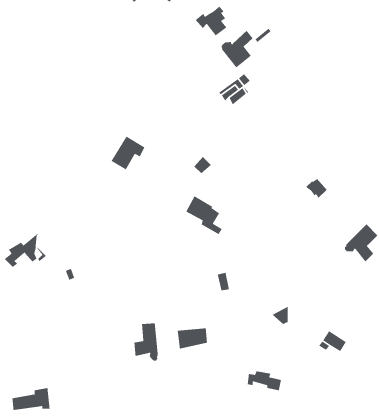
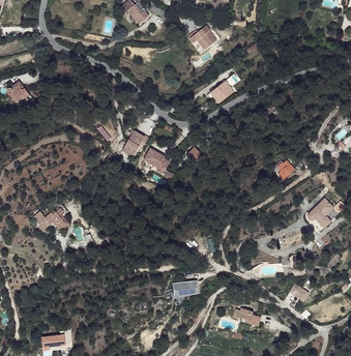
building: [221,30,254,68] -> none
building: [185,195,223,235] -> [142,146,172,178]
building: [134,322,159,362] -> none

